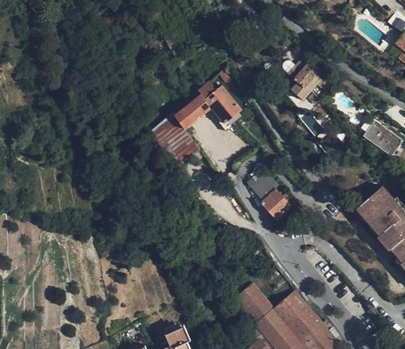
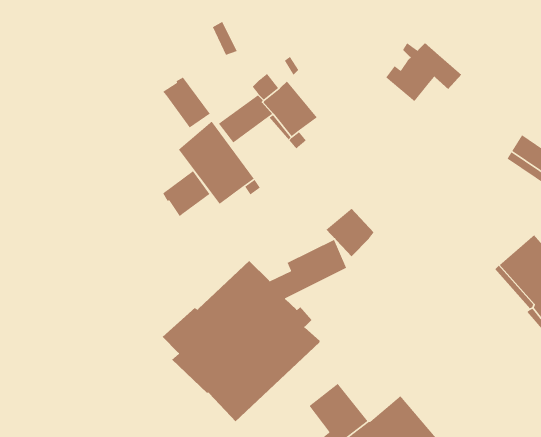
building: none -> [162,77,211,129]
building: none -> [162,170,211,217]
building: [261,189,290,219] -> none
building: none -> [162,239,347,422]

